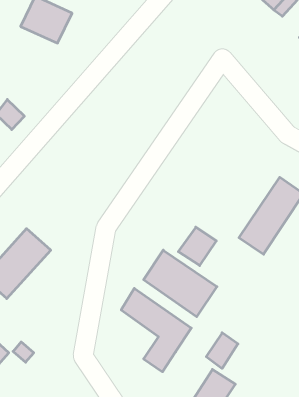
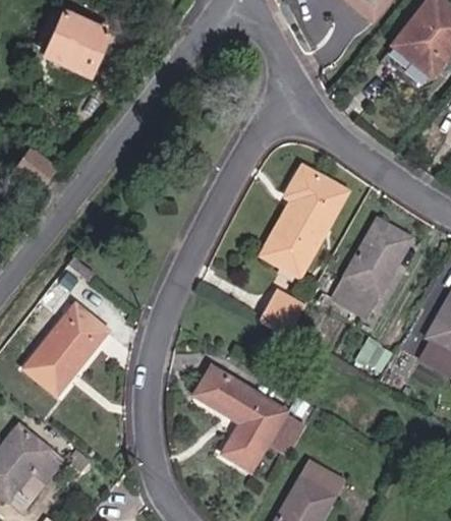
building: none -> [263,166,344,273]
building: [144,250,217,317] -> none
building: [206,333,238,368] -> [266,411,303,455]

